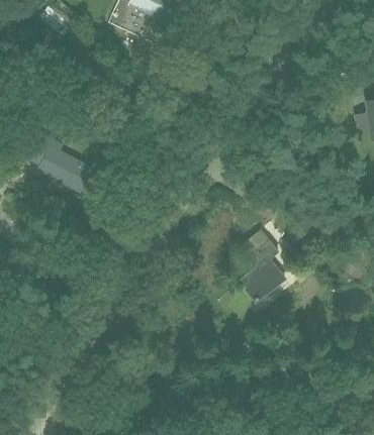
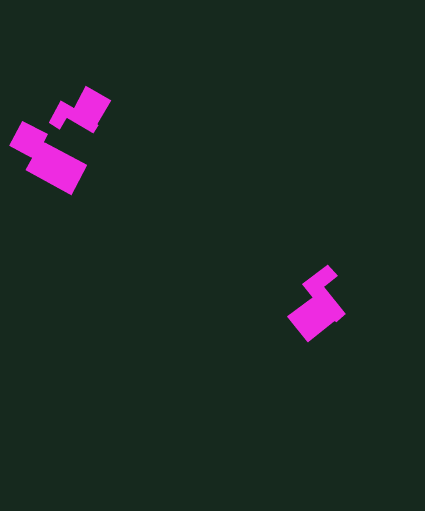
building: none -> [48,85,112,134]

